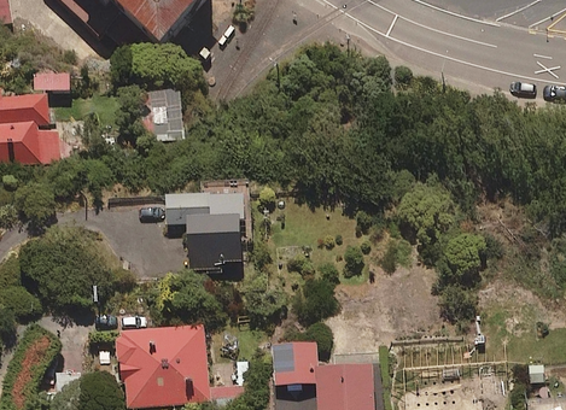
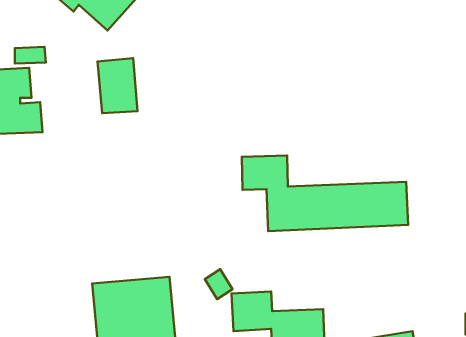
building: [165,188,240,271] -> none
building: none -> [242,155,408,231]

